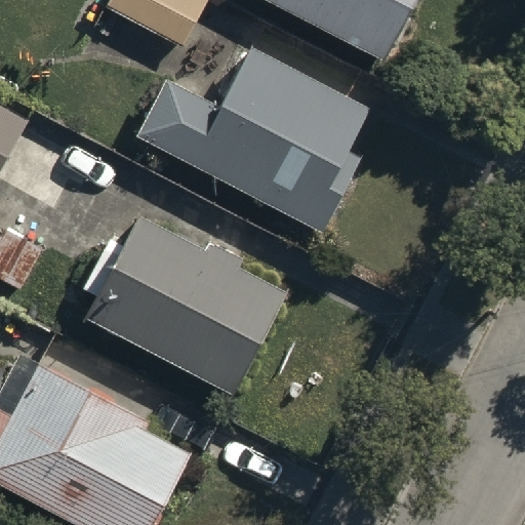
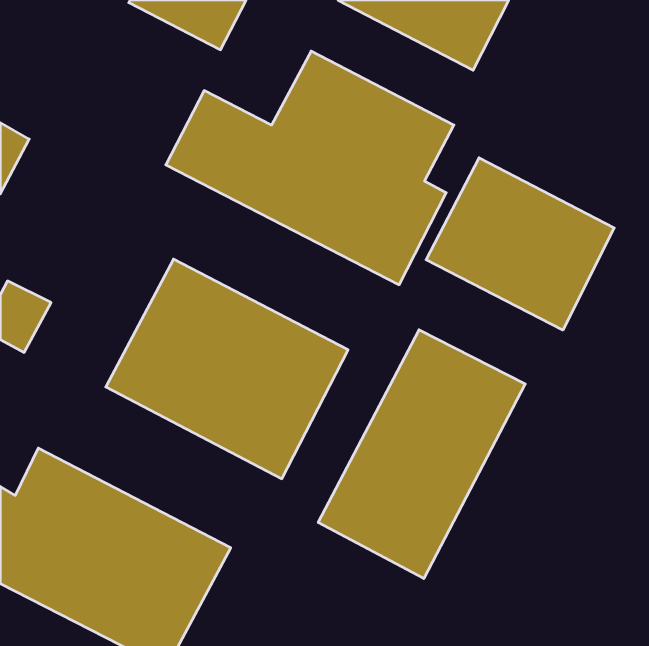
building: none -> [426,158,614,330]
building: none -> [318,330,525,579]

